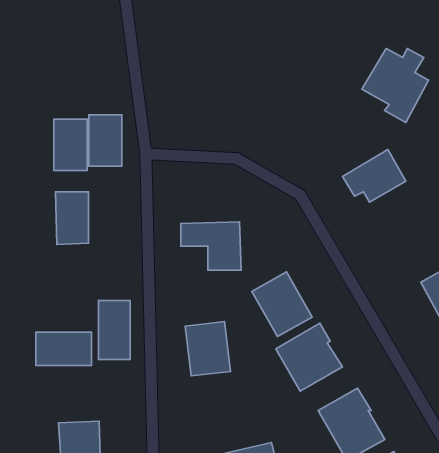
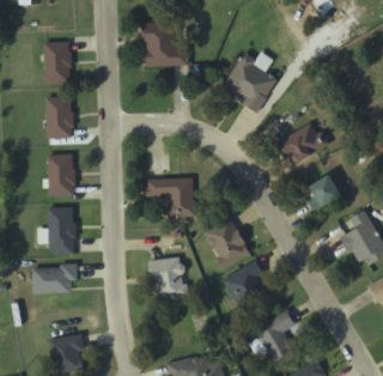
building: none -> [144,23,187,66]
building: [362,48,428,122] -> [223,53,275,111]
building: [89,115,122,166] -> [43,42,69,83]
building: none -> [308,175,342,213]
building: [99,300,130,359] -> [48,208,73,255]

